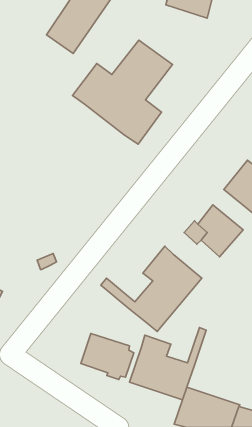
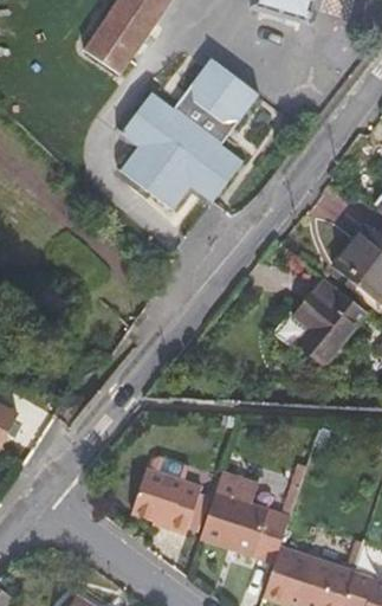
building: none -> [118,147,193,214]
building: [101,246,202,332] -> none

